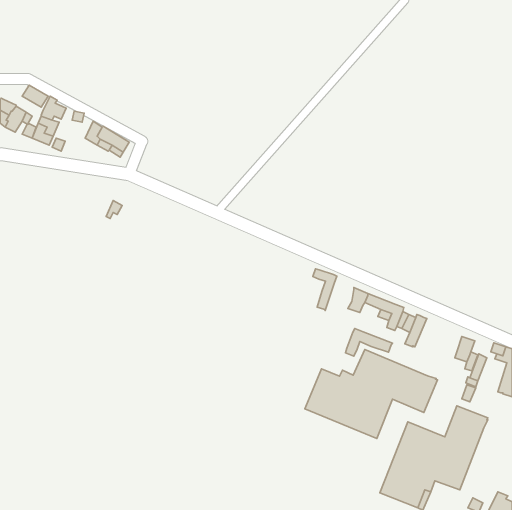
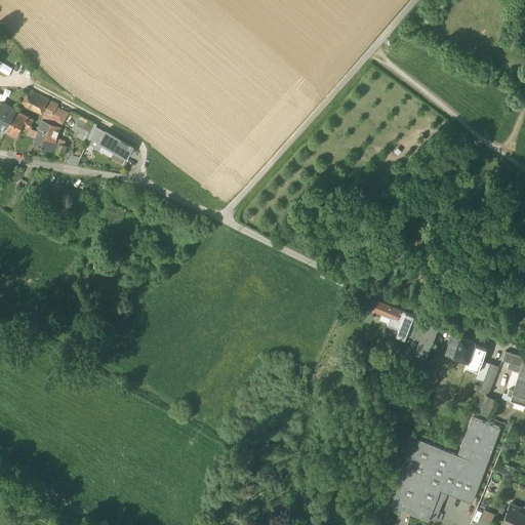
building: [313,269,337,310] -> none
building: none -> [445,333,475,362]
building: [345,328,393,356] -> none
building: [305,349,438,439] -> none

